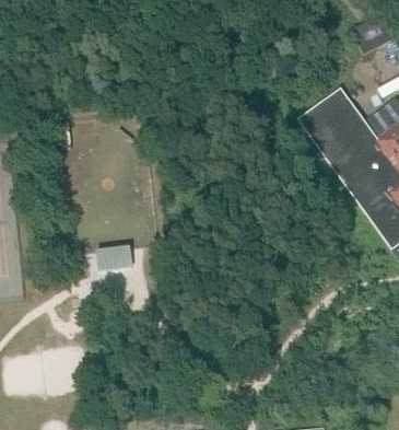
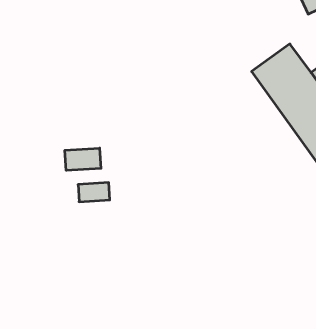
building: none -> [65,148,101,170]

